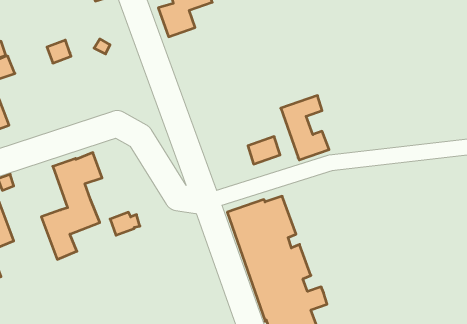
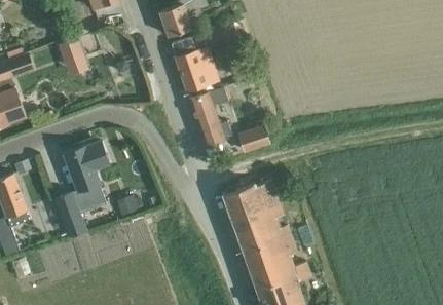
building: none -> [172,37,218,90]
building: [281,96,329,160] -> [190,87,233,145]

